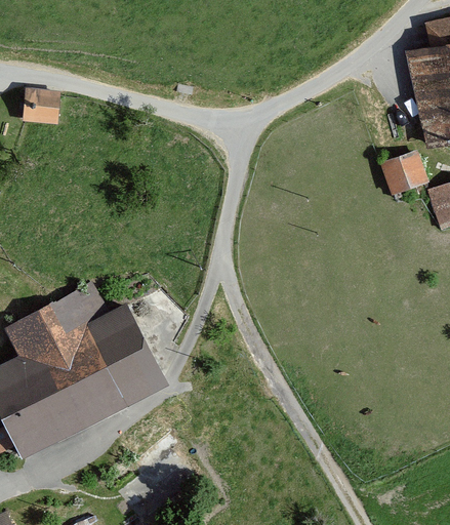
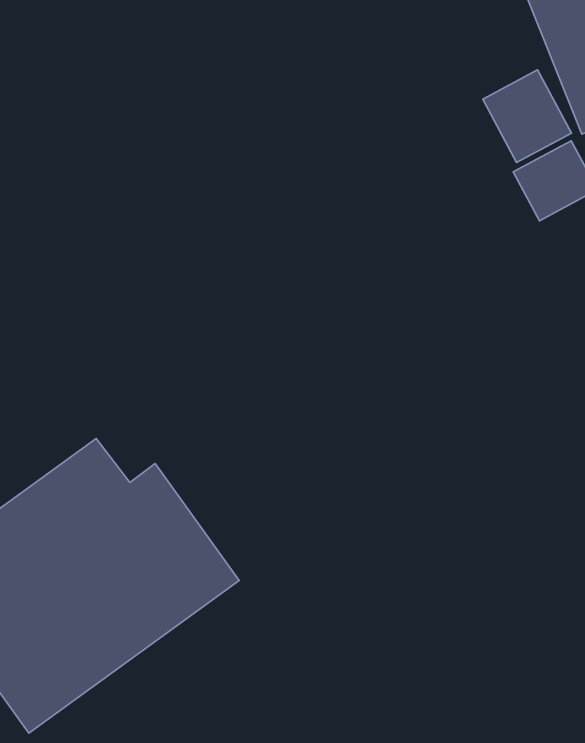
building: none -> [483,70,571,163]

